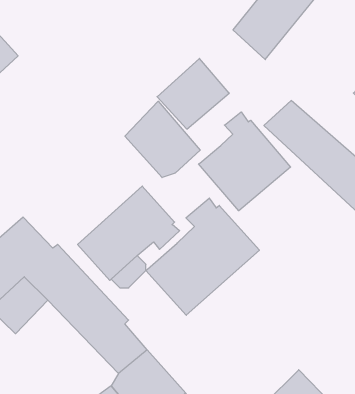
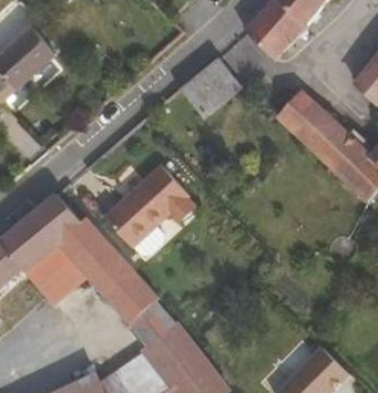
building: [125,101,200,178] -> none
building: [199,112,291,211] -> none
building: [146,198,259,315] -> none

